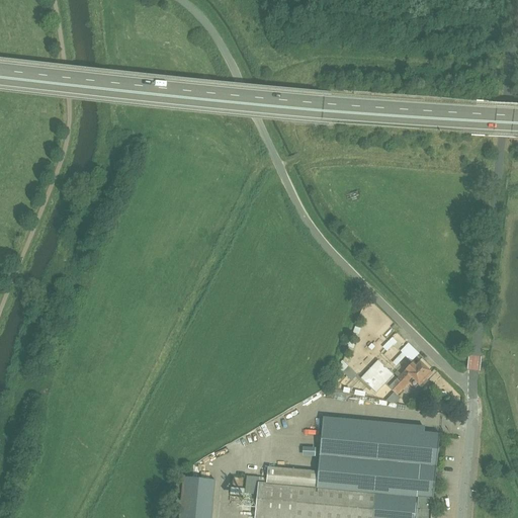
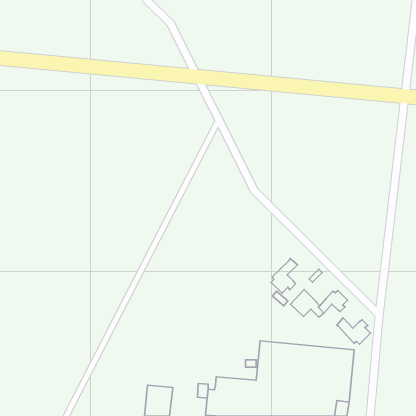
building: none -> [271,259,298,293]
building: none -> [337,318,371,344]

